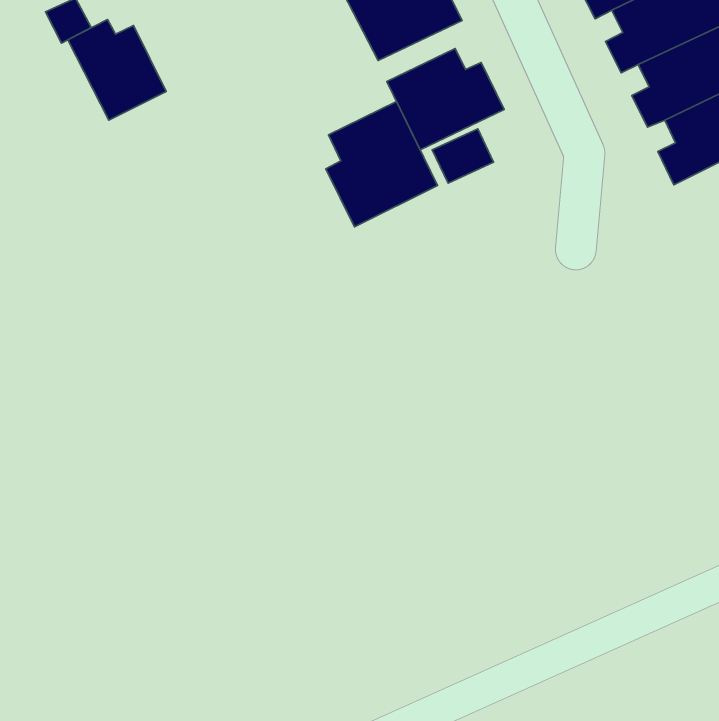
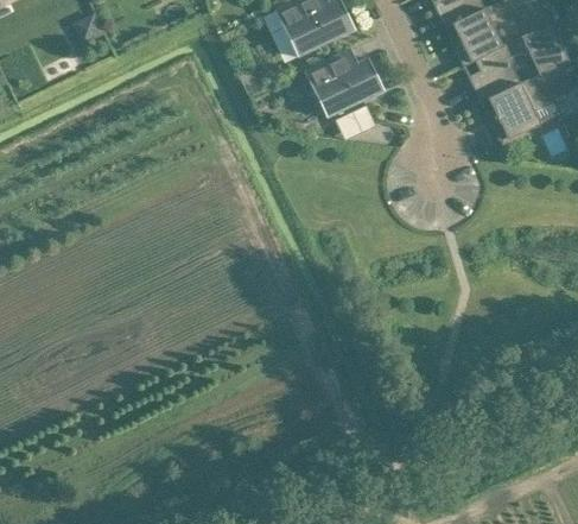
building: [68,20,166,120] -> none
building: [326,102,437,227] -> none

